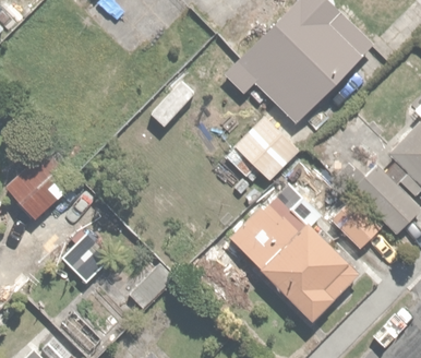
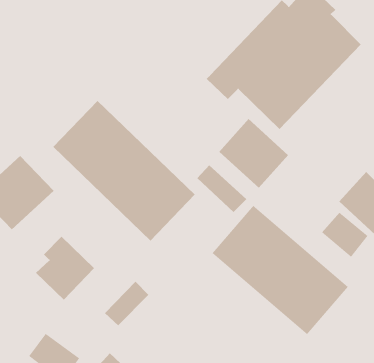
building: none -> [53,100,195,241]

